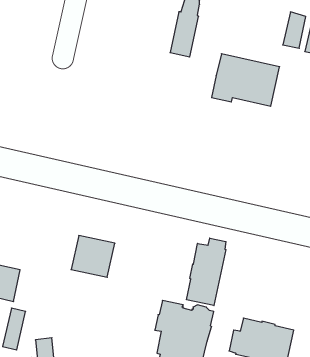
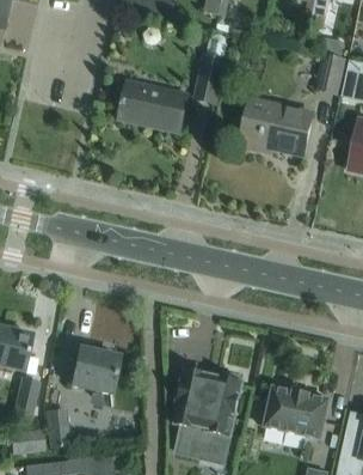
building: none -> [118,80,187,132]
building: [71,236,115,277] -> [70,347,118,392]
building: [187,238,226,306] -> none

